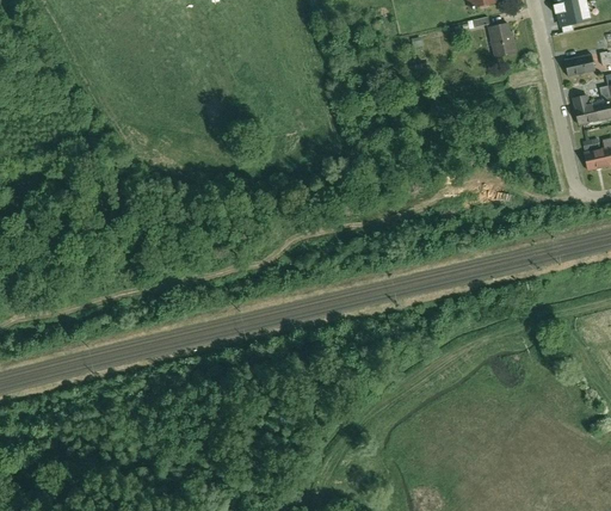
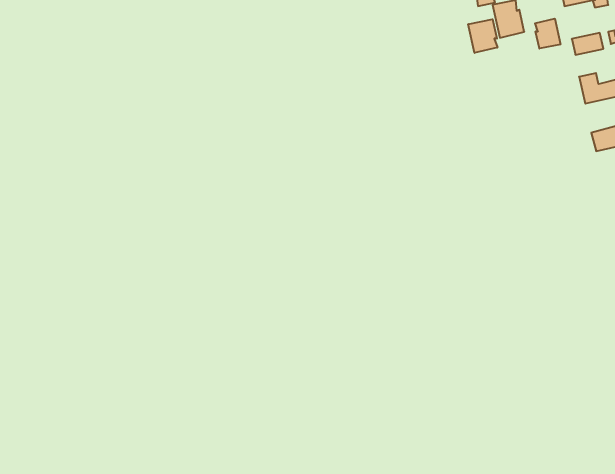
building: none -> [535,19,560,49]
building: none -> [468,19,497,53]

